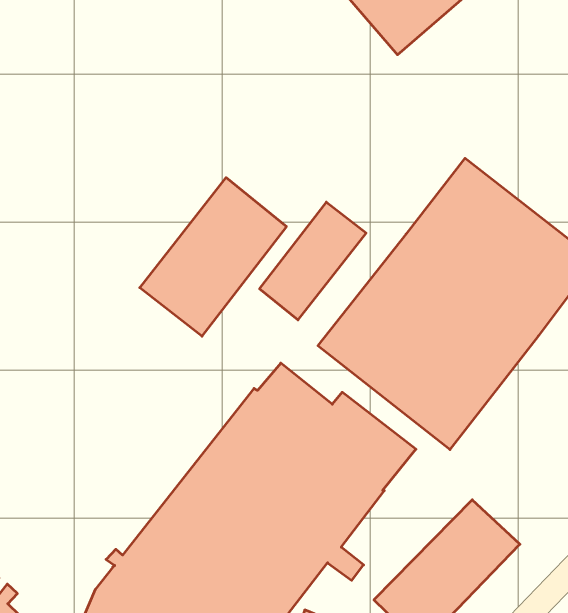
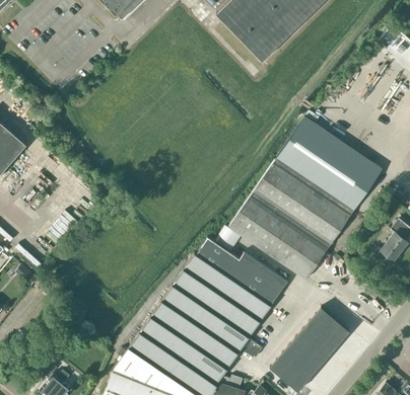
building: [140,178,286,336] -> none
building: [260,202,366,320] -> none

